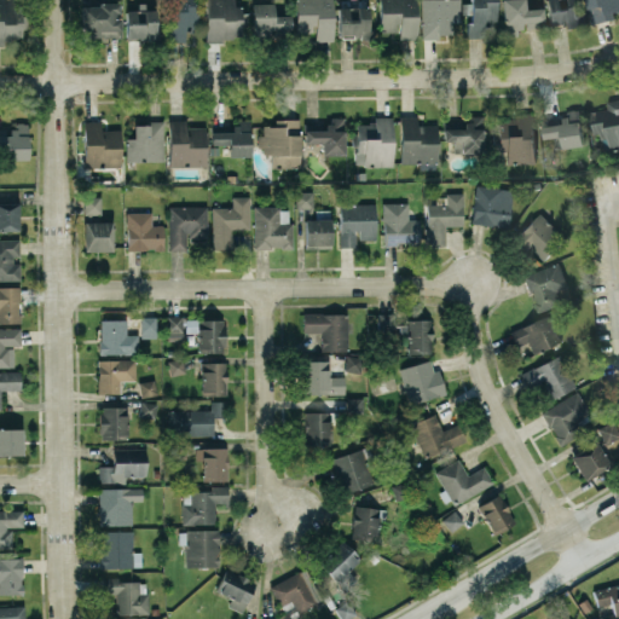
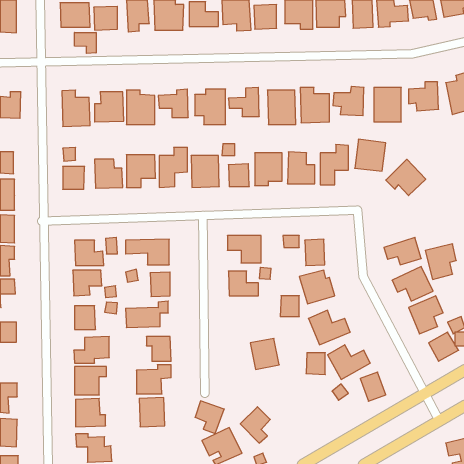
building: none -> [75,32,96,53]
building: [526,265,567,312] -> [425,244,456,279]
building: [305,413,330,441] -> [280,296,299,317]
building: [353,508,378,537] -> [306,353,325,375]
building: [218,569,256,613] -> [195,401,224,434]

